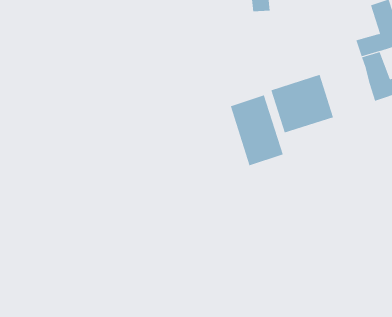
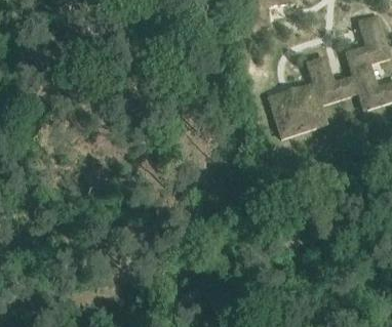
building: none -> [308,56,359,104]
building: [230,95,283,166] -> none

